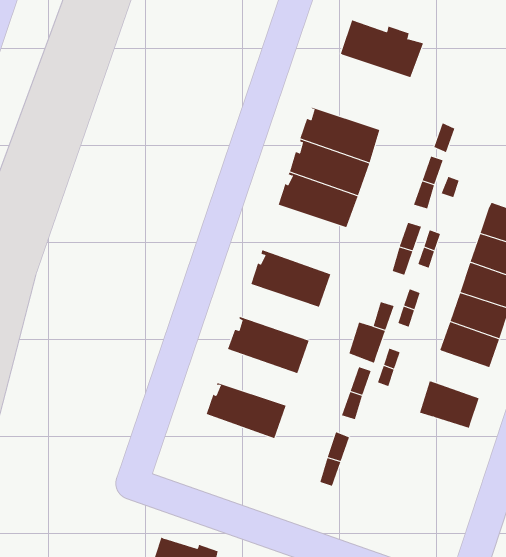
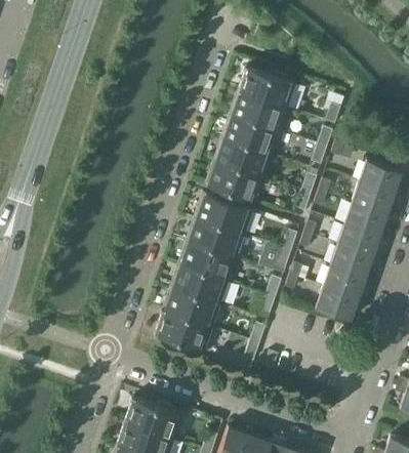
building: [340,19,424,78] -> [237,67,296,109]
building: none -> [206,162,263,203]
building: none -> [187,218,244,258]
building: none -> [171,264,229,304]
building: none -> [322,265,365,299]
building: none -> [153,311,212,353]

